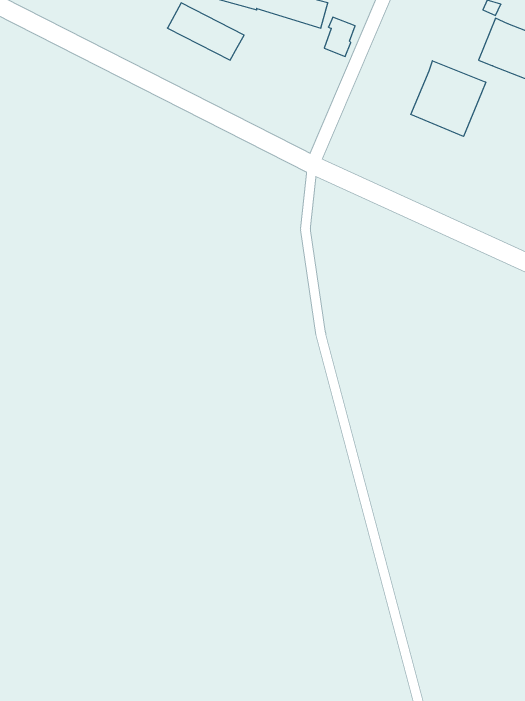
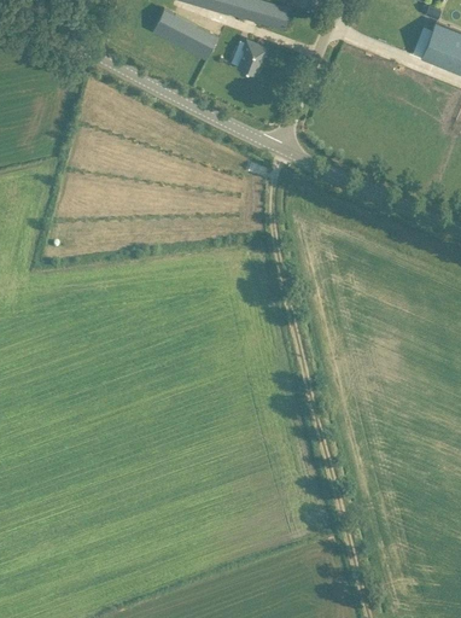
building: [324,17,355,56] -> [238,41,264,75]
building: [411,61,486,136] -> none

